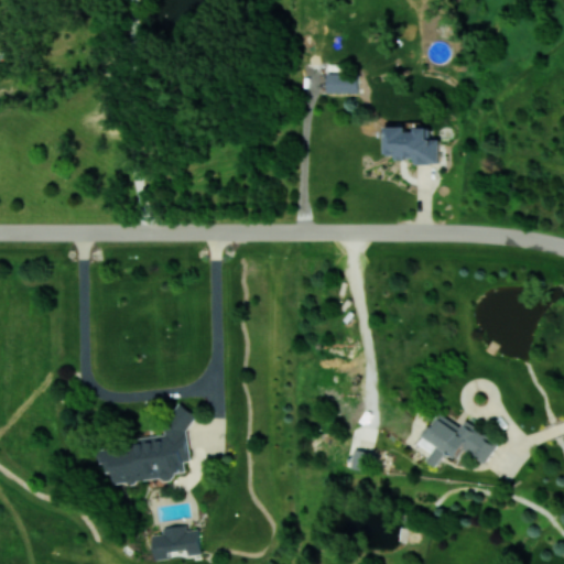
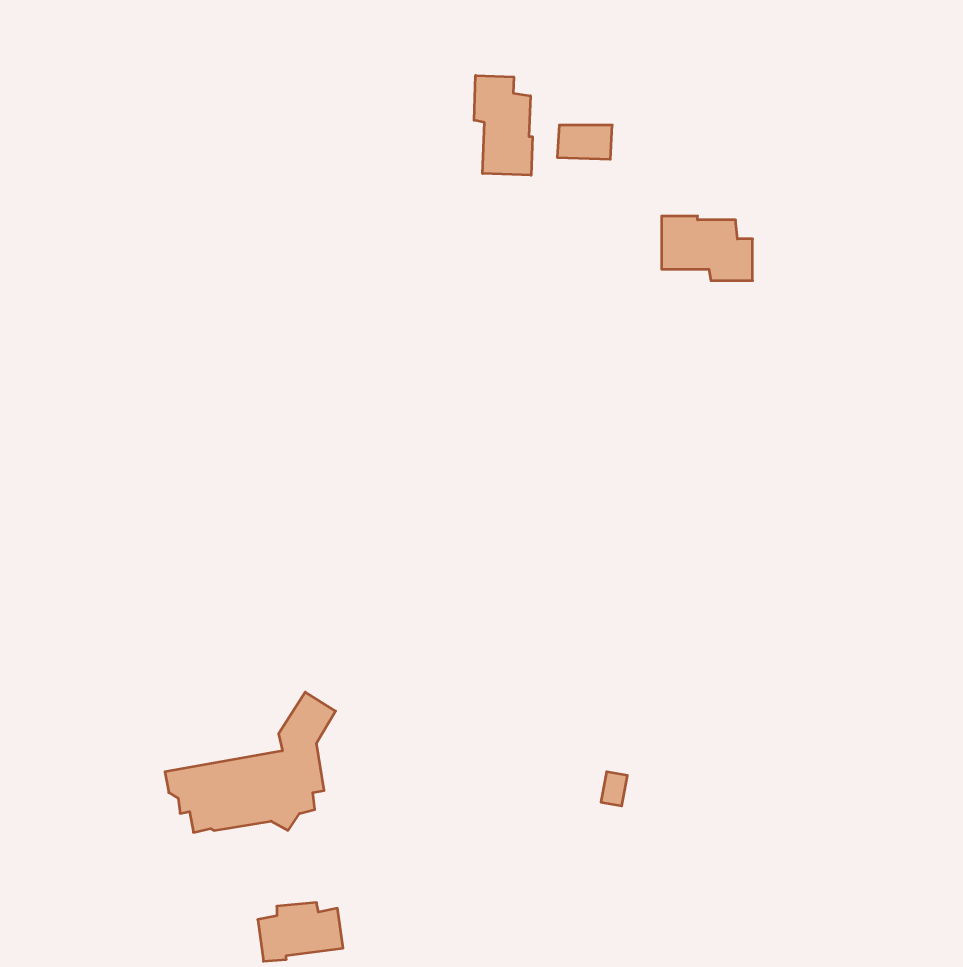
building: none -> [474,75,532,175]
building: [417,413,496,467] -> none

